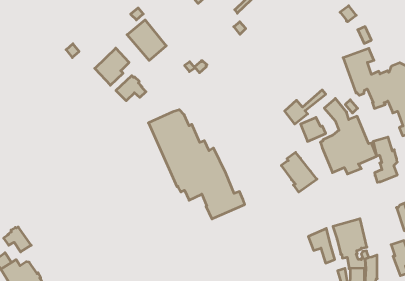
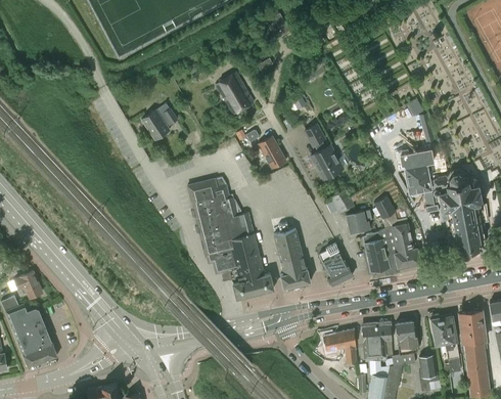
building: [127,20,166,60] -> [215,73,254,116]
building: none -> [305,125,343,179]
building: none -> [259,137,285,169]
building: [116,76,146,101] -> none
building: none -> [270,216,310,287]
building: [373,137,397,182] -> [392,321,417,366]

